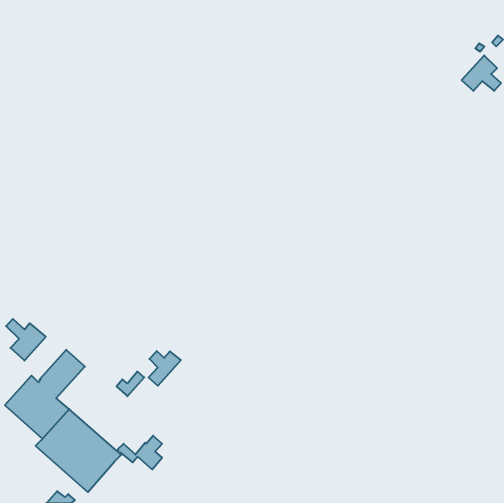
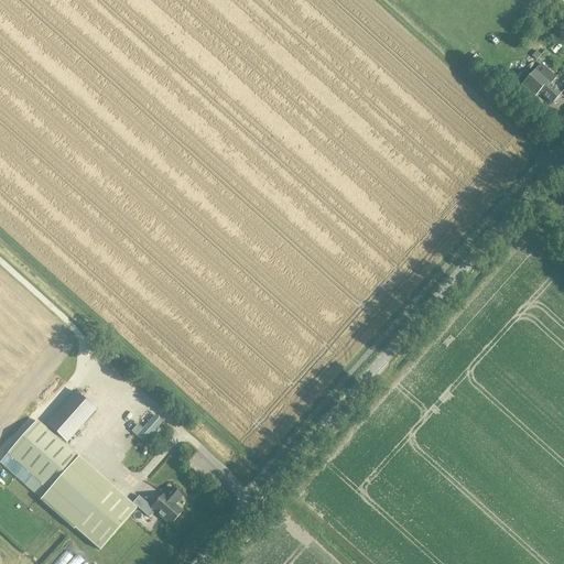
building: [6,319,46,361] -> none
building: [149,351,181,386] -> none

